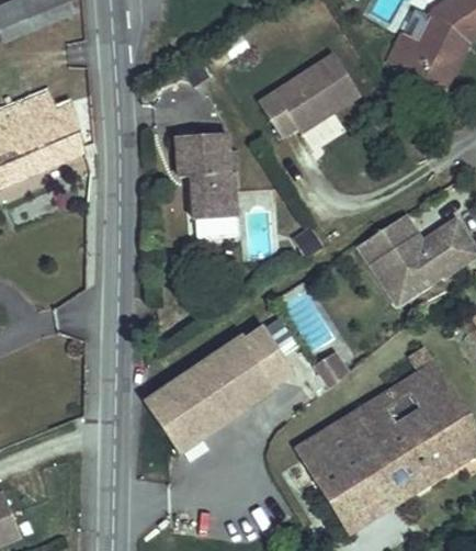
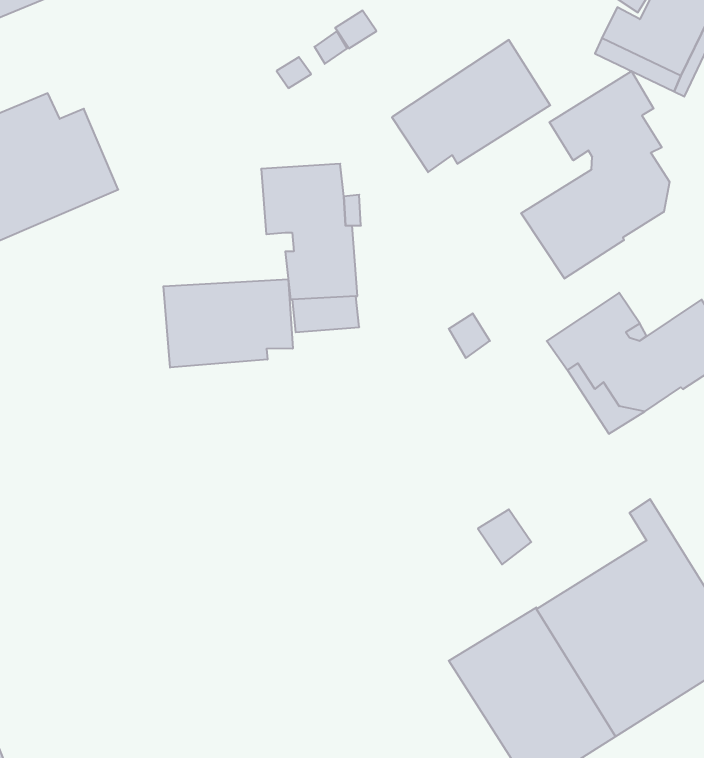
building: none -> [521,71,670,279]
building: none -> [163,279,293,368]
building: [145,328,291,452] -> none

